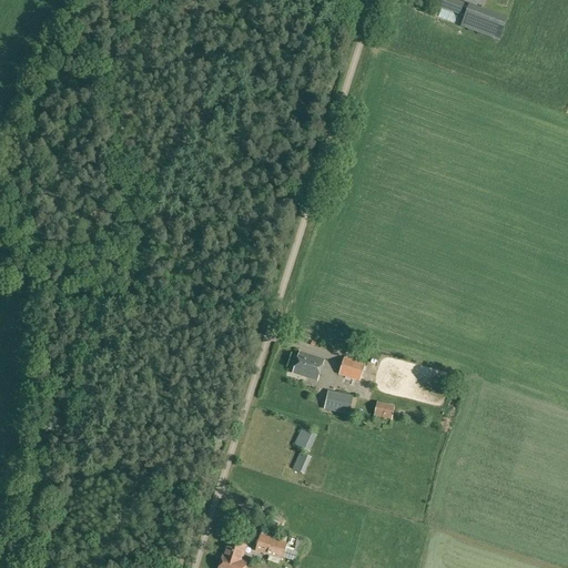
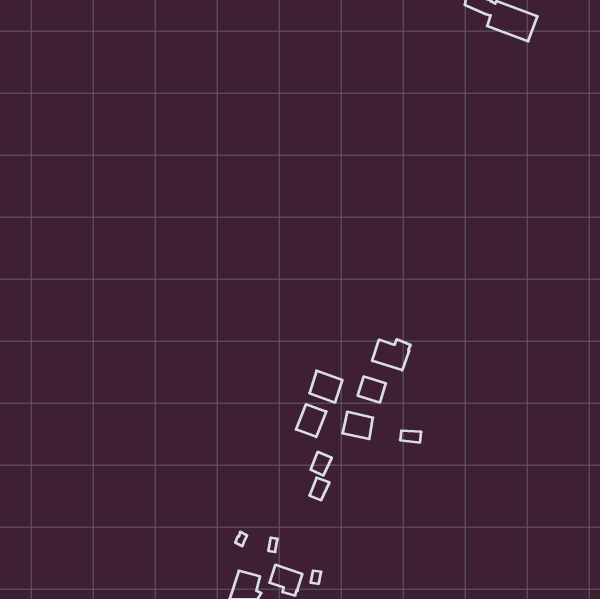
building: none -> [372,339,410,370]
building: none -> [296,404,326,437]

